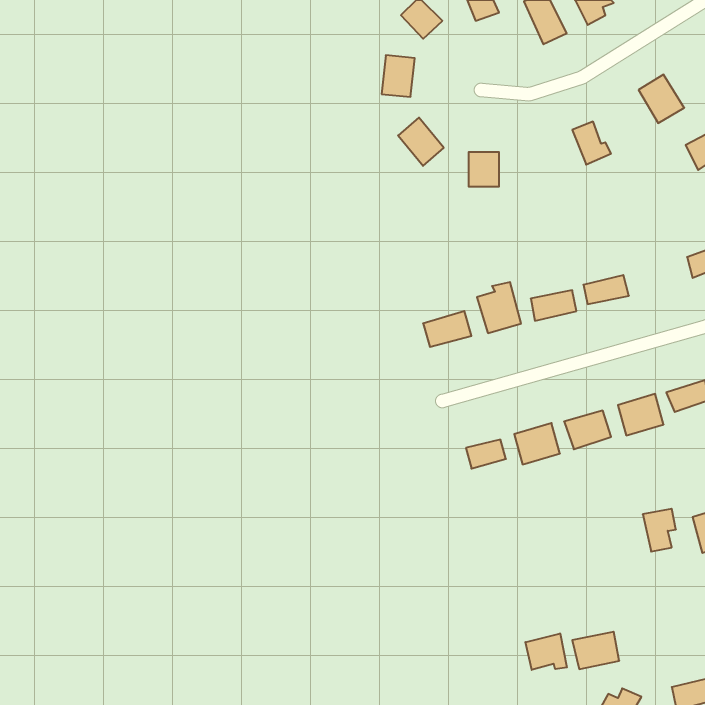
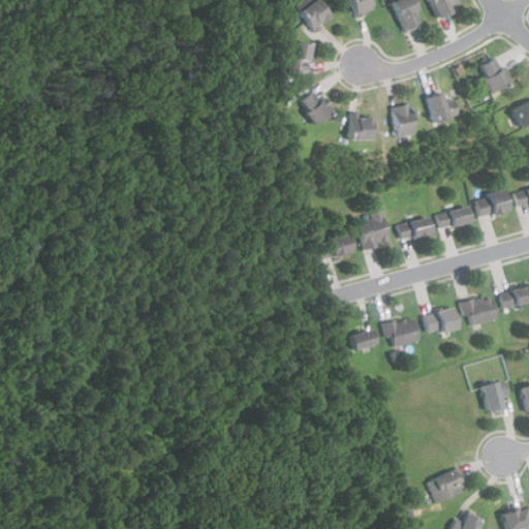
building: none -> [393,104,417,138]
building: none -> [476,191,508,218]
building: [525,633,567,670] -> none

